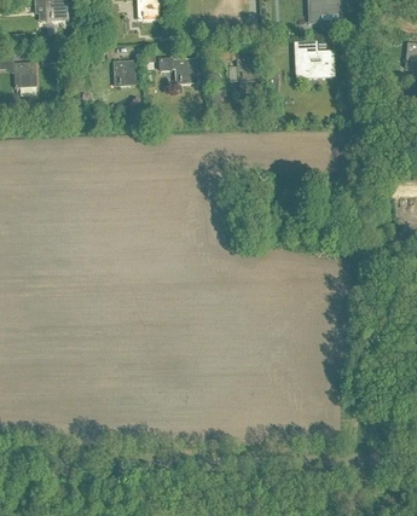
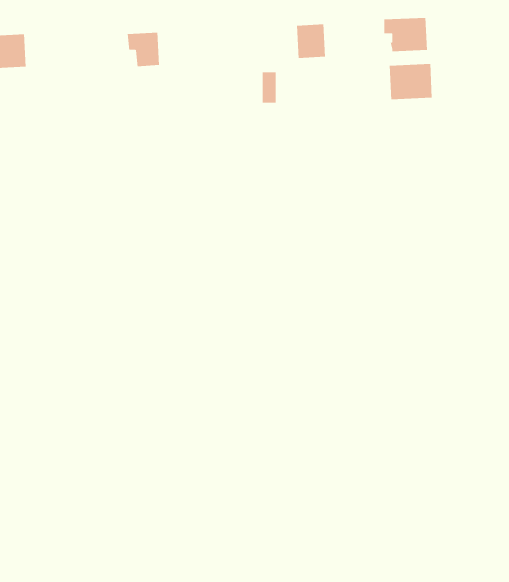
building: [155,58,196,85] -> none
building: none -> [389,63,432,100]

